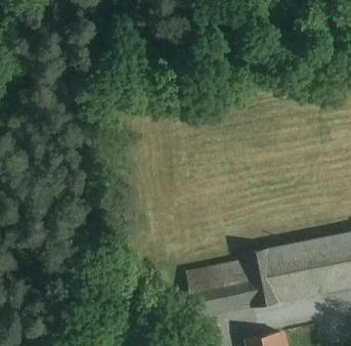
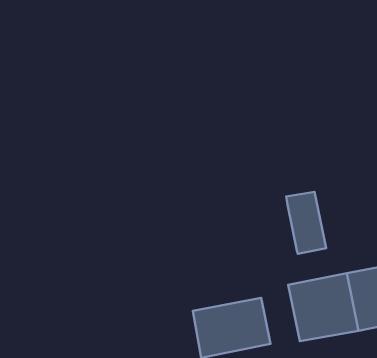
building: [248,250,282,304] -> [286,192,326,254]

